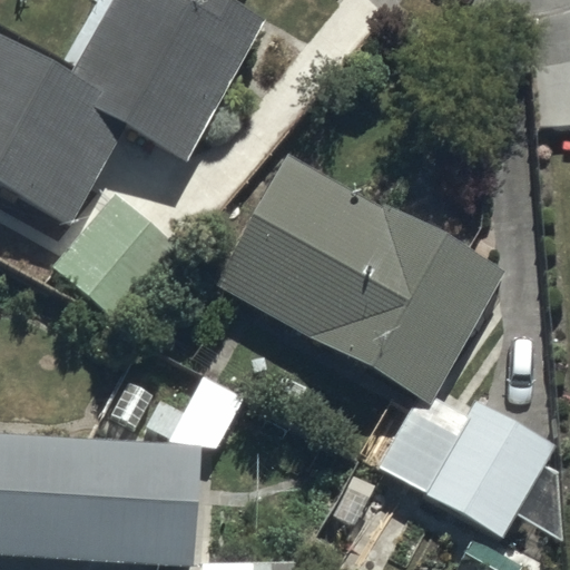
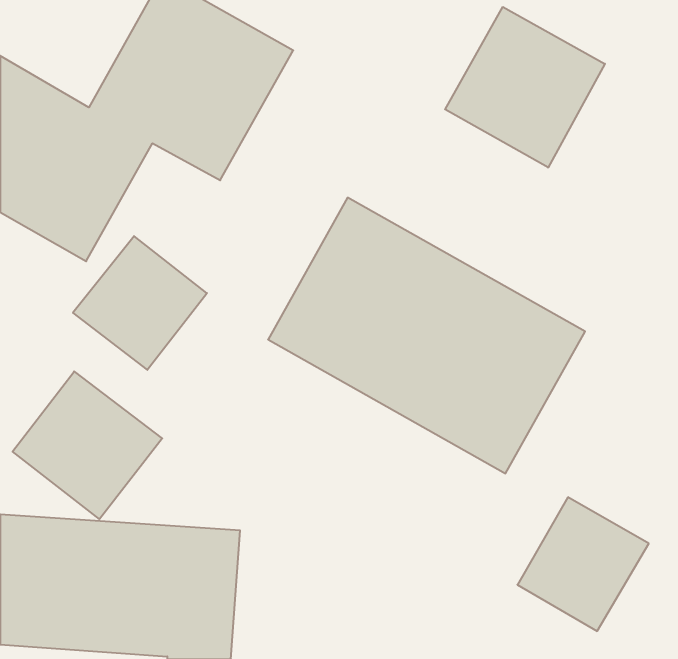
building: none -> [445,7,605,168]
building: none -> [13,371,162,519]

